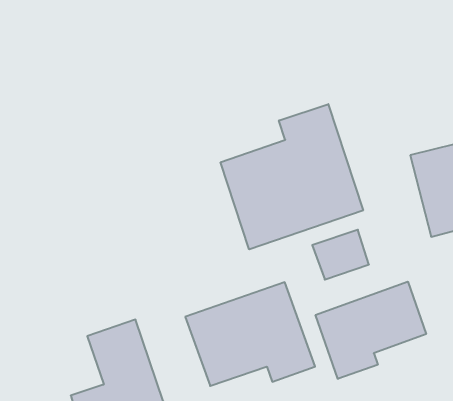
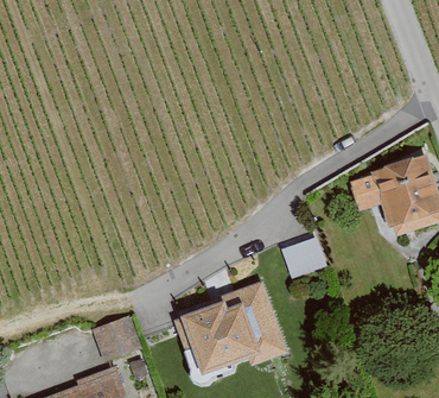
building: [221,104,363,249] -> none
building: [316,282,426,379] -> none

